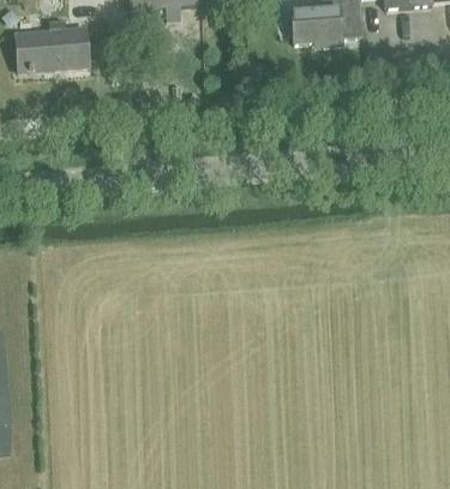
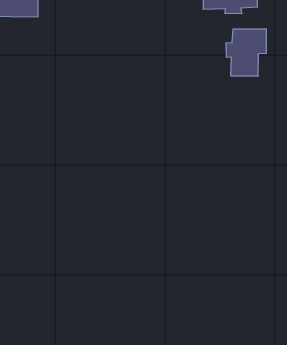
building: none -> [226,29,266,76]

